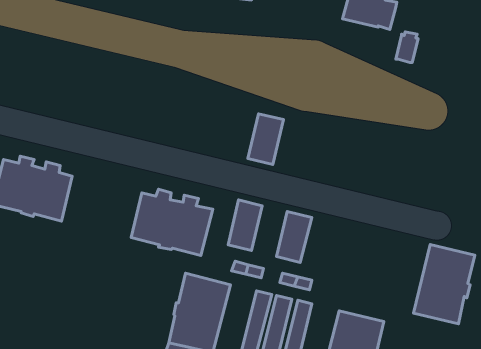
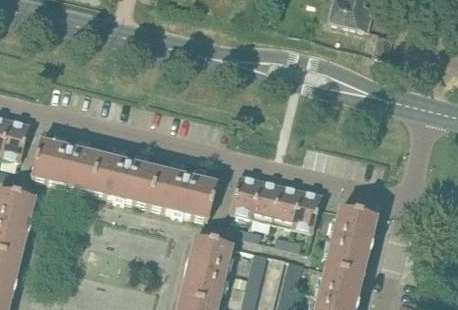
building: [248,114,283,165] -> [251,178,281,221]
building: none -> [90,150,158,205]
building: none -> [292,188,322,231]
building: [414,245,475,324] -> [325,209,377,276]

